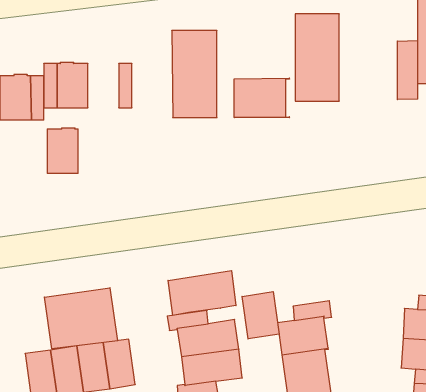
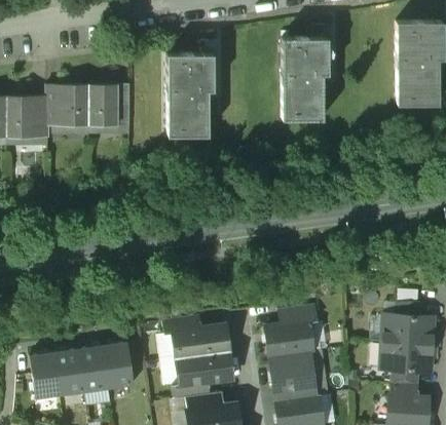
building: [397,40,418,100] -> none
building: [234,78,289,118] -> none
building: [47,128,78,173] -> [89,84,118,126]
building: [168,271,236,315] -> none
building: [44,288,118,349] -> none
building: [242,292,279,339] -> none

